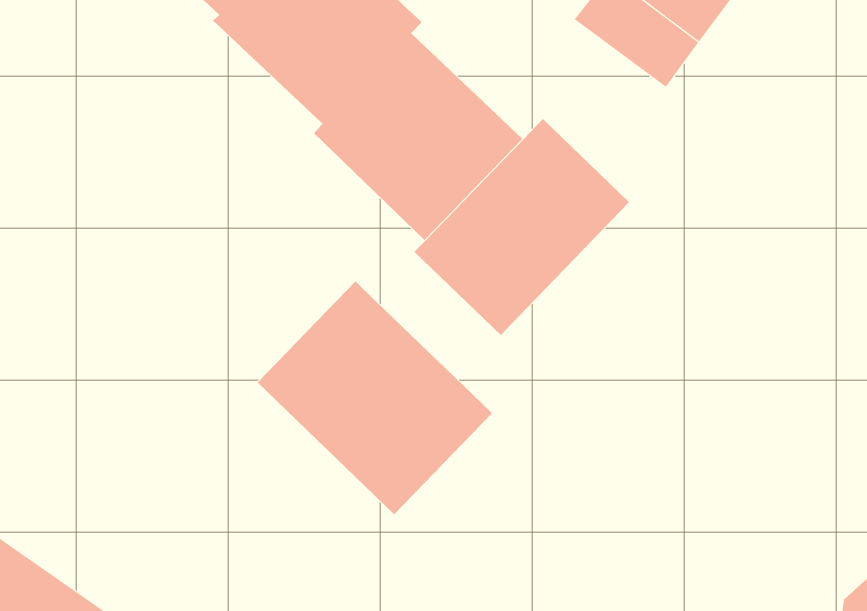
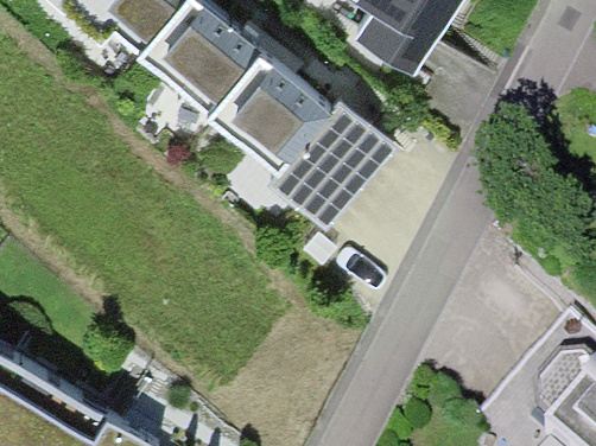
building: [257,280,493,515] -> none

